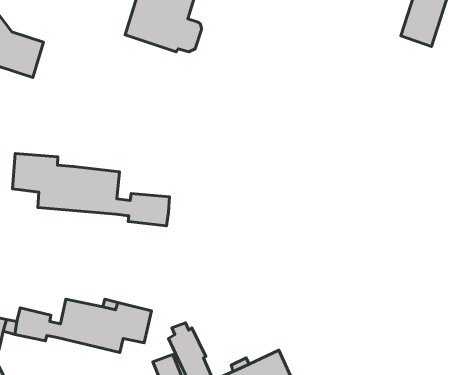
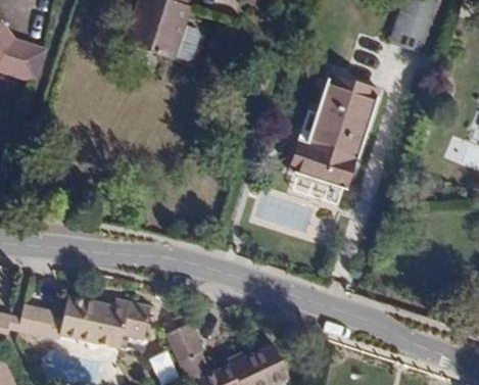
building: none -> [286,77,380,190]
building: [13,153,170,226] -> none

